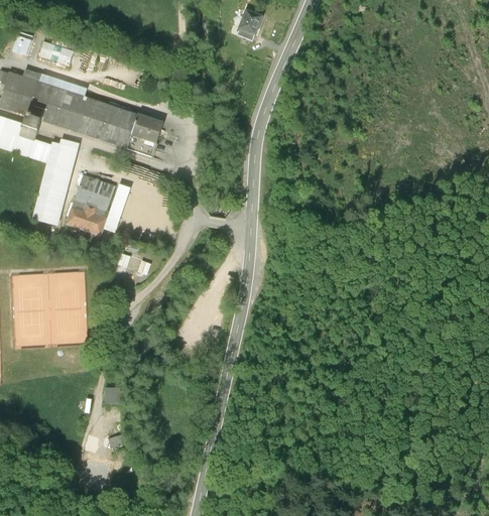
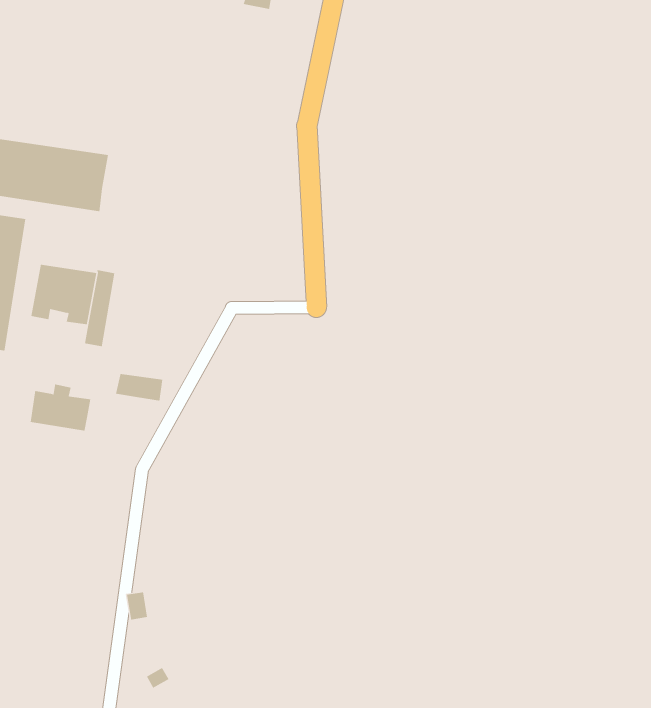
building: [130,114,161,142] -> none
building: [67,204,107,236] -> [30,384,91,431]

